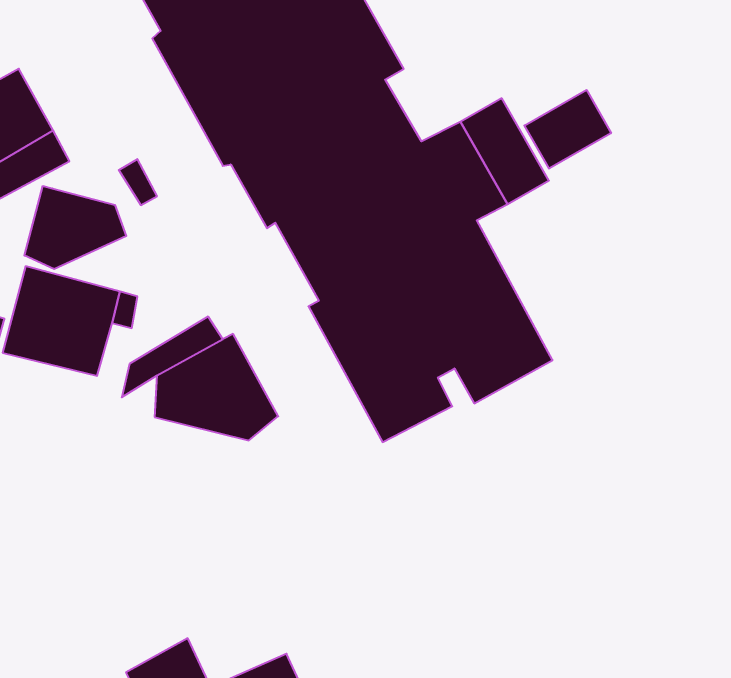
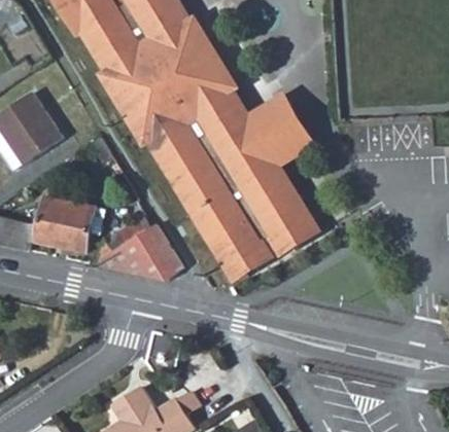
building: [524,90,611,169] -> none
building: [24,186,126,269] -> none

